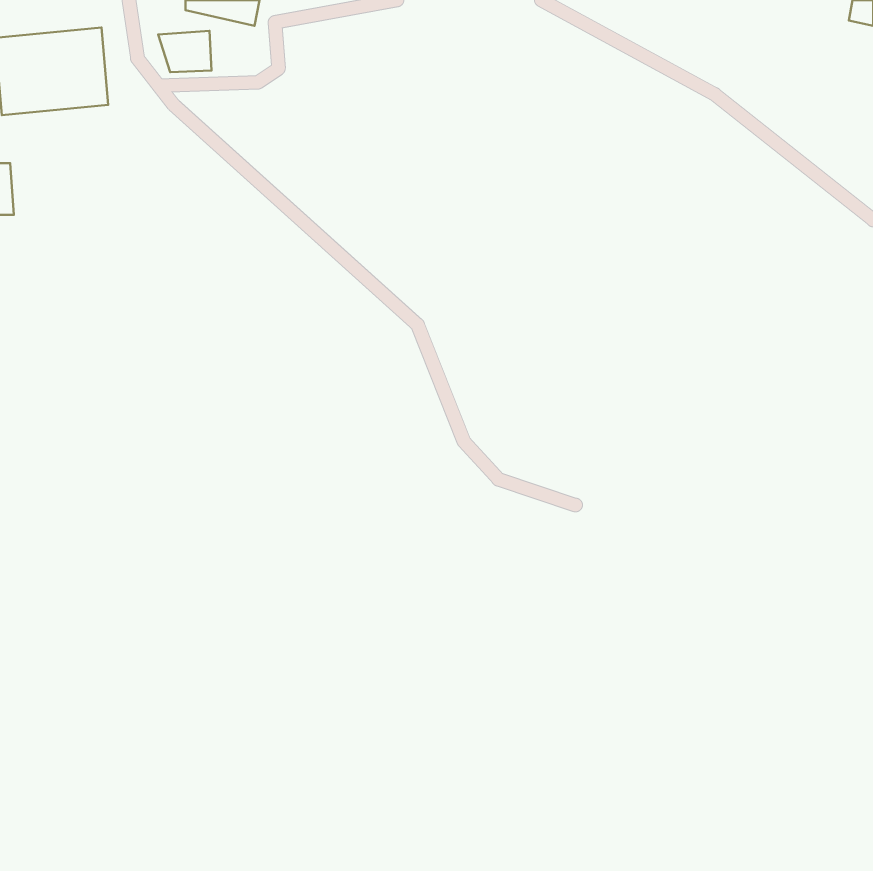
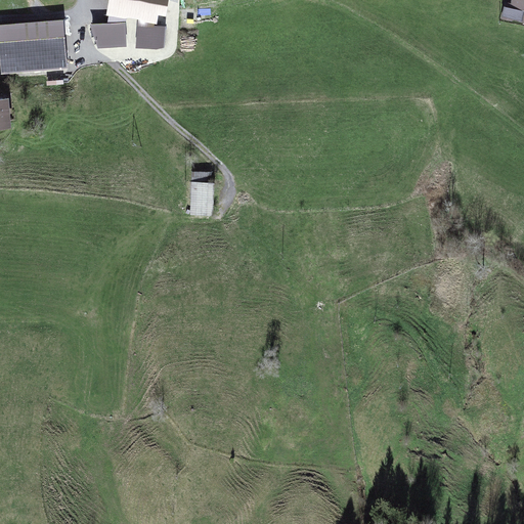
building: none -> [138,26,162,45]
building: none -> [192,181,213,214]

